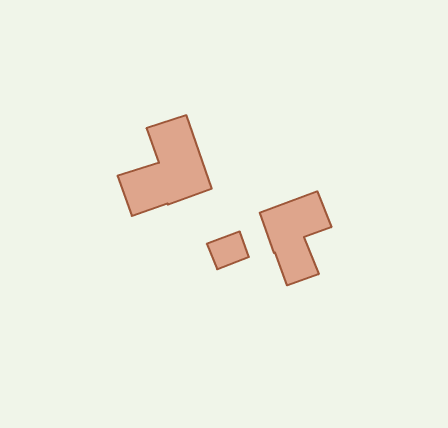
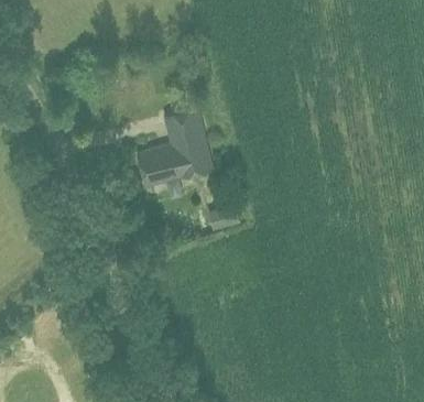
building: [260,191,331,285] -> none

